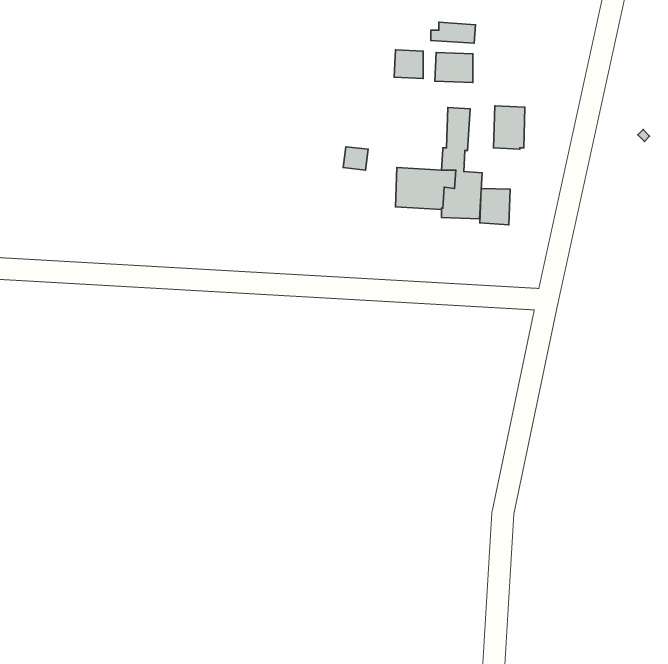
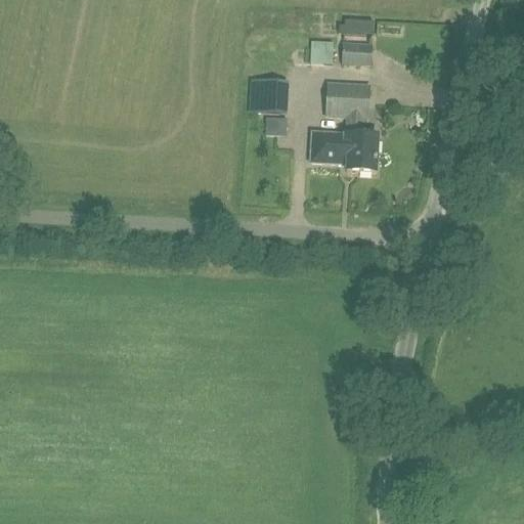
building: none -> [252,78,289,108]
building: [494,106,525,149] -> [325,83,350,117]
building: [480,189,510,225] -> none

